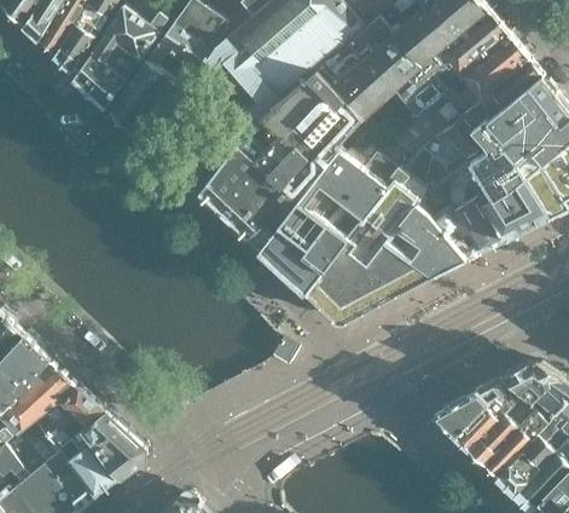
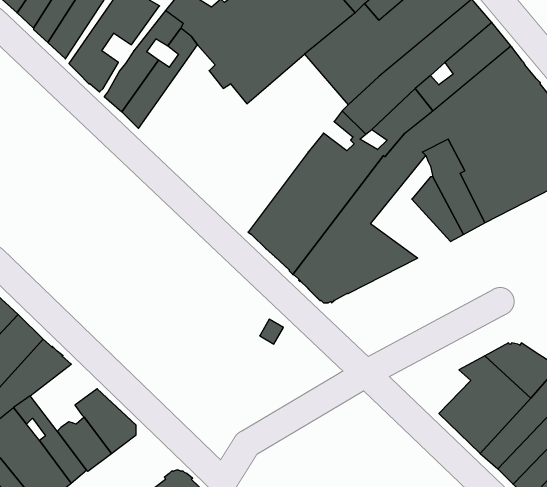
building: [198,68,361,250] -> none
building: [384,172,466,277] -> none
building: [35,386,104,455] -> none
building: [432,392,487,437] -> none

